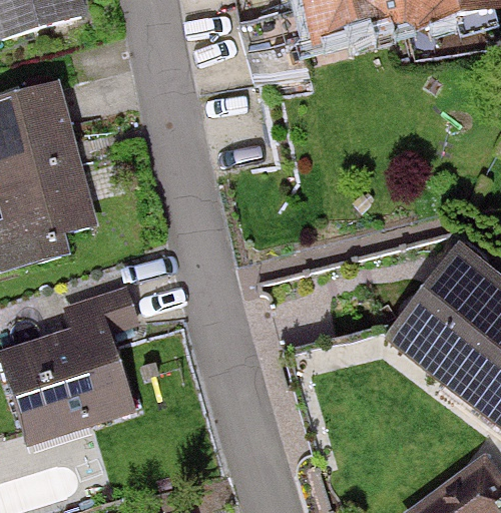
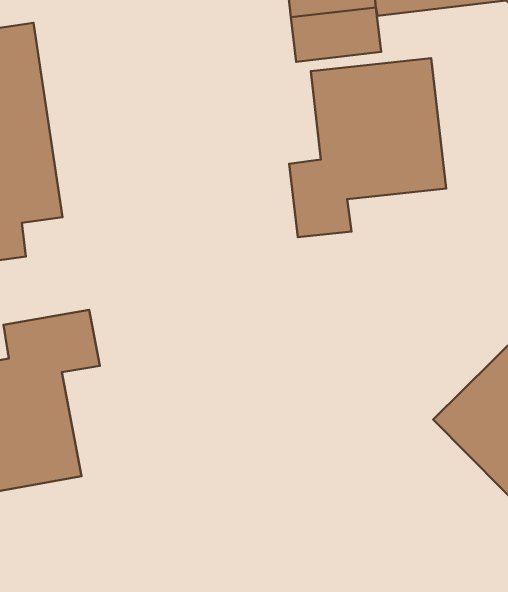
building: none -> [289,58,446,237]

